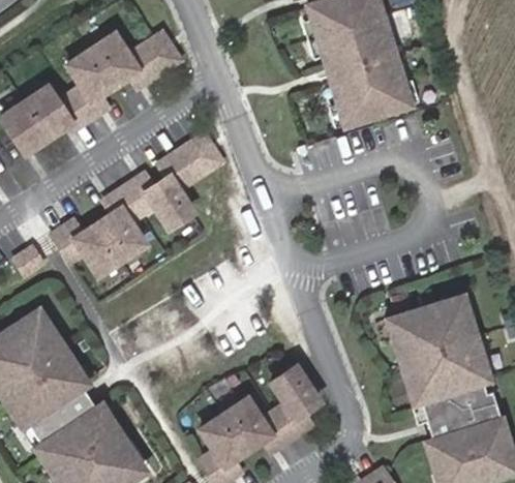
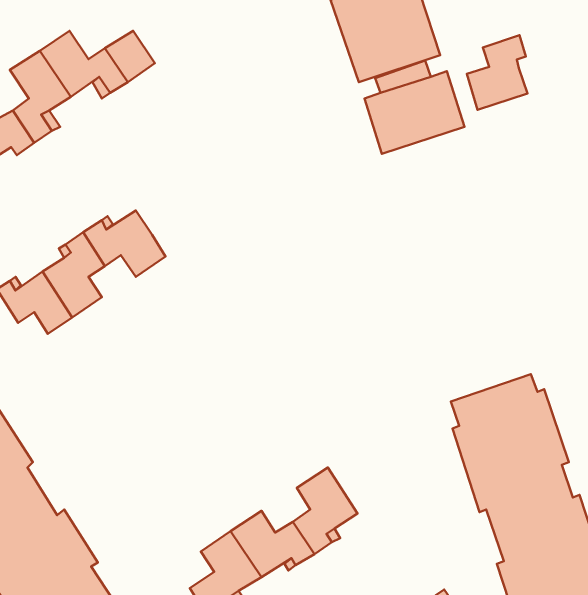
building: none -> [467,35,527,110]
building: [154,137,214,190] -> none

